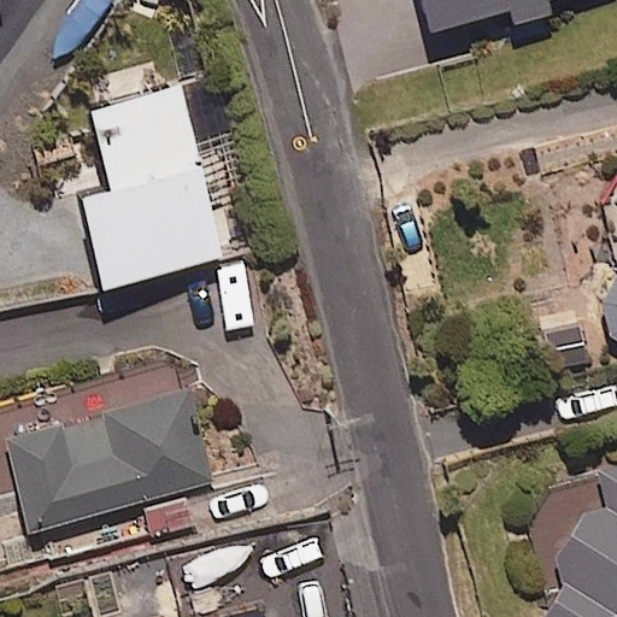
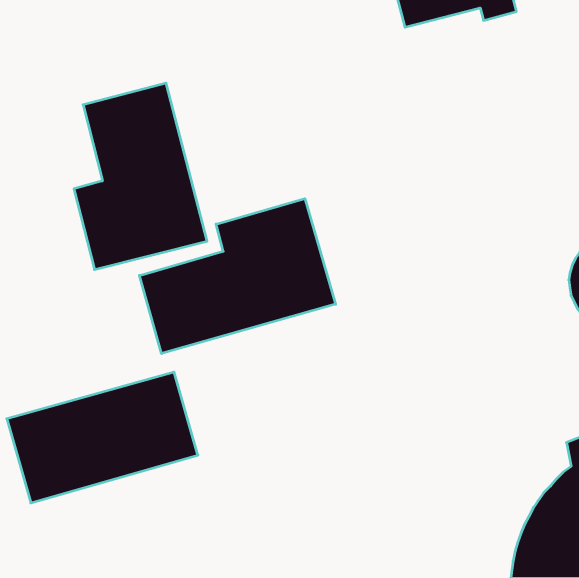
building: none -> [139,199,336,354]

